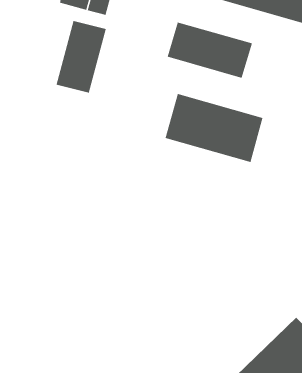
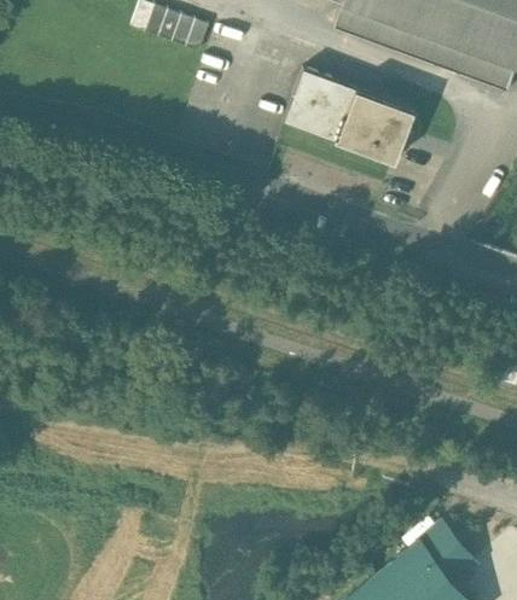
building: [56,20,106,93] -> none
building: [165,93,263,163] -> none

